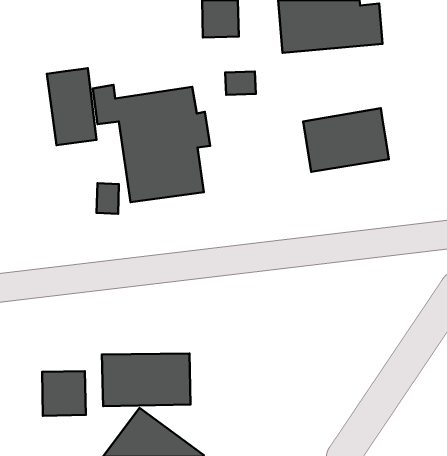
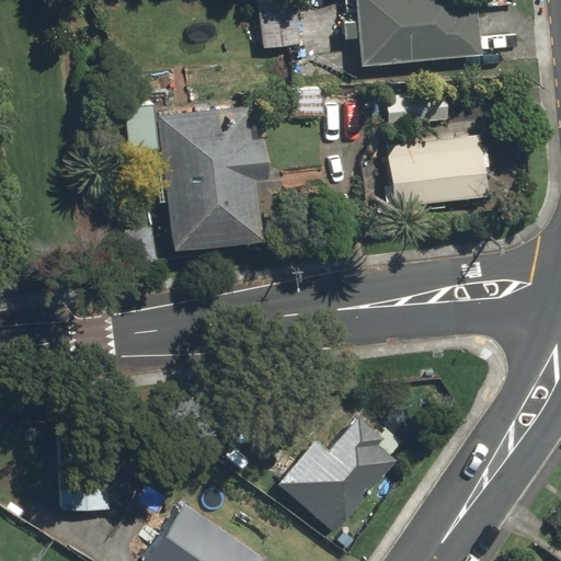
building: [47,68,97,145] -> none
building: none -> [279,416,404,534]
building: [102,354,191,406] -> none

